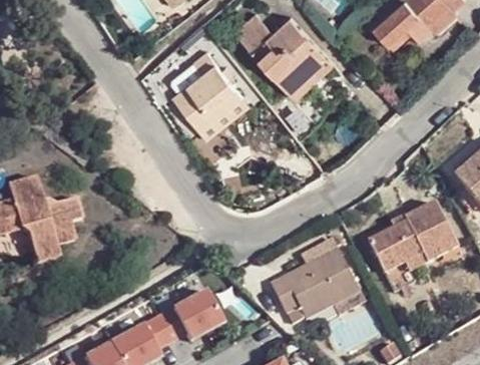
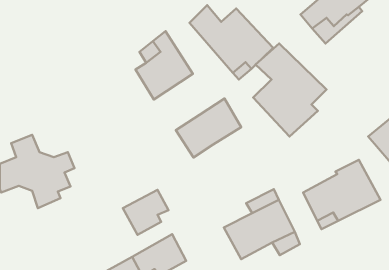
building: none -> [253,44,326,137]
building: none -> [176,99,241,157]
building: none -> [123,190,169,235]

